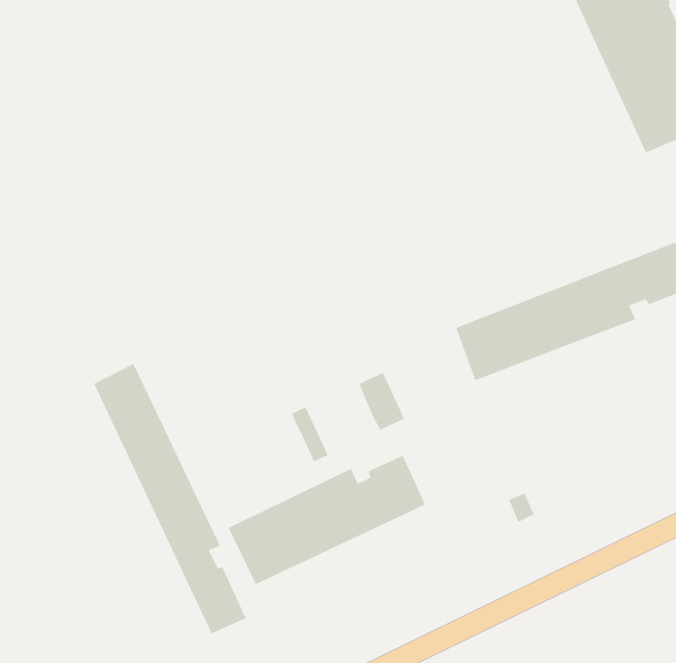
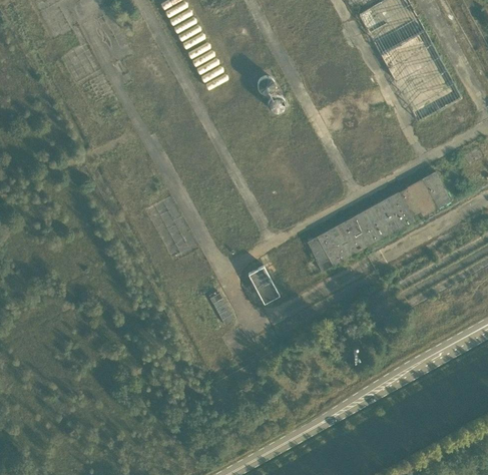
building: [93,363,247,634] -> none
building: [227,455,426,585] -> none

